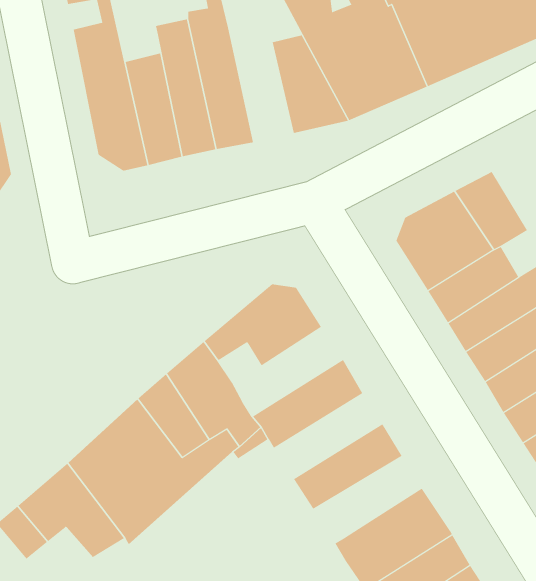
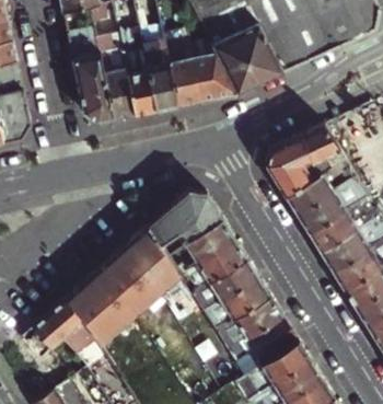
building: none -> [163,28,202,104]
building: none -> [169,217,233,272]
building: none -> [190,257,257,310]
building: none -> [214,296,281,349]

